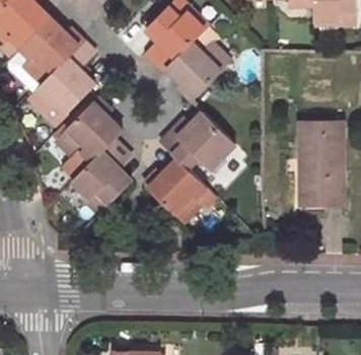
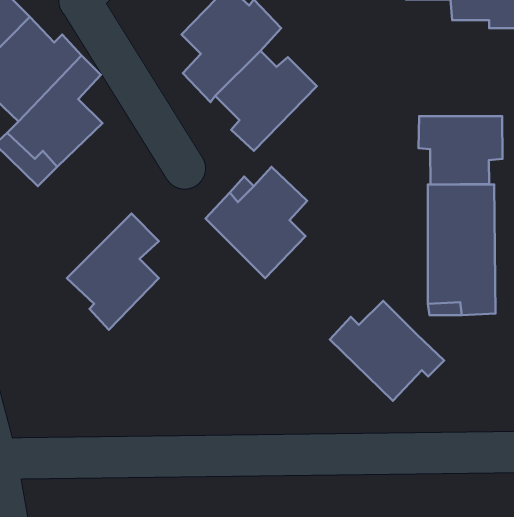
building: none -> [419,116,503,185]
building: [57,96,123,161] -> none
building: [143,160,215,223] -> [330,301,444,401]

